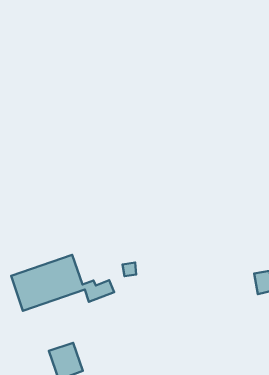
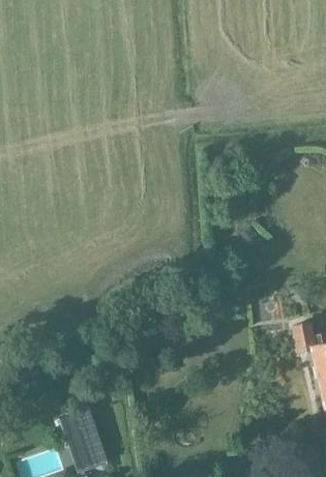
building: [11,255,114,311] -> none

